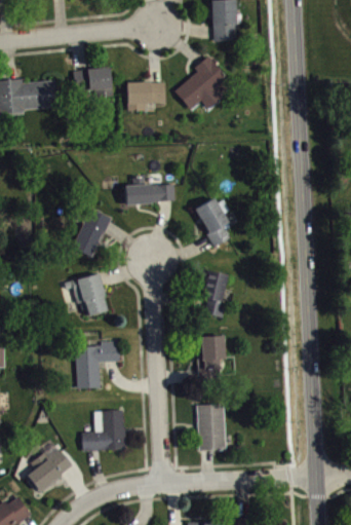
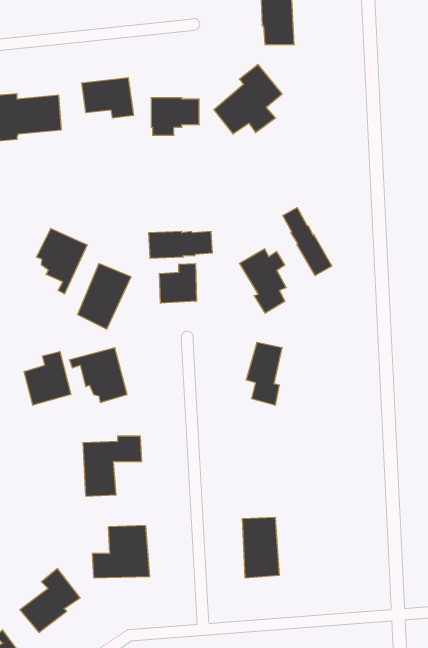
building: none -> [283,208,332,275]
building: none -> [37,228,87,294]
building: none -> [159,263,196,303]
building: none -> [24,351,71,405]
building: [195,333,223,378] -> none

